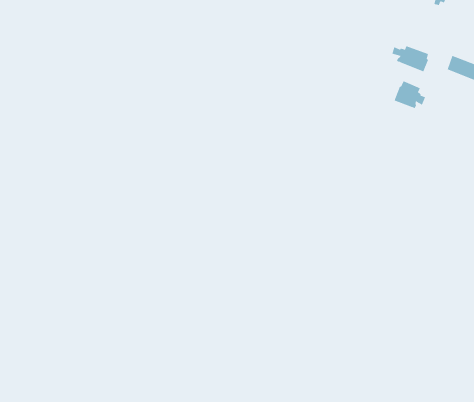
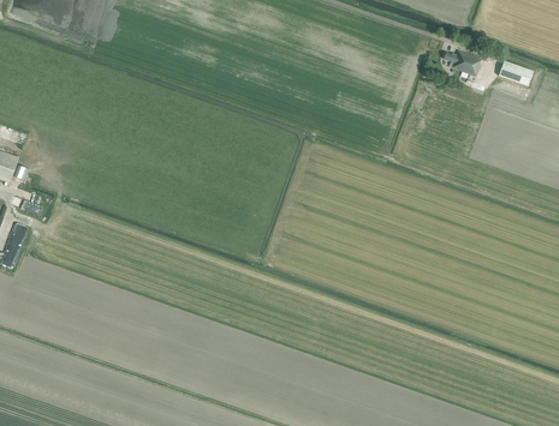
building: [394,80,426,109] -> none

